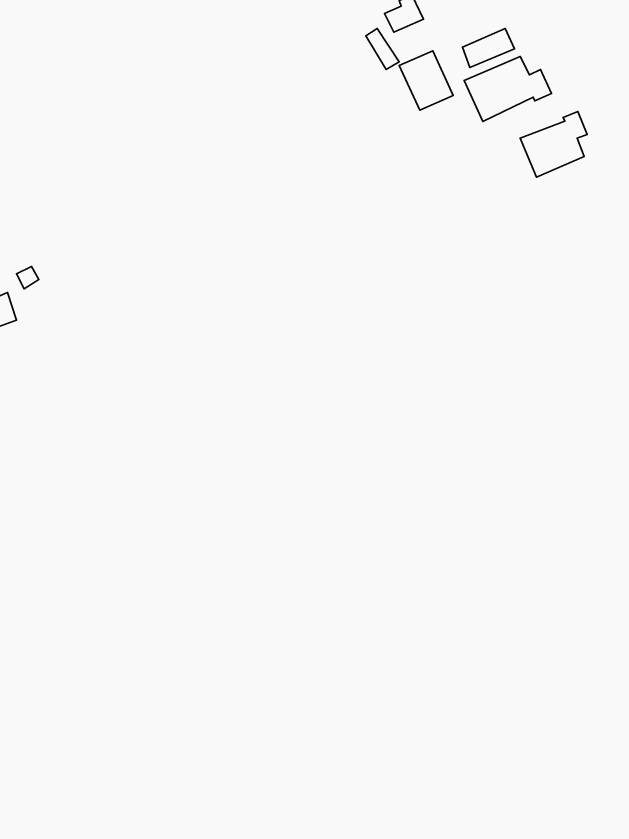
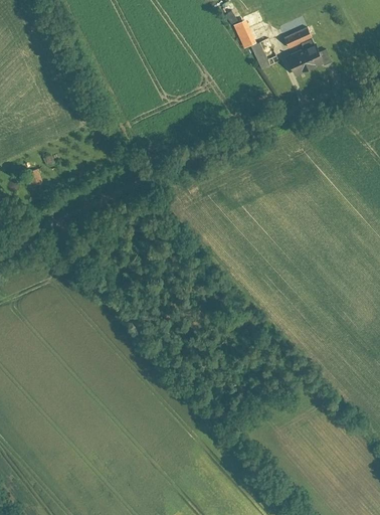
building: [520,111,587,177] -> none

